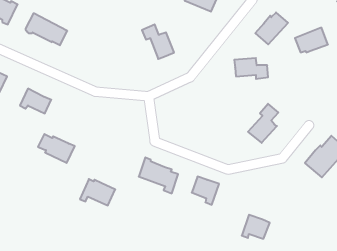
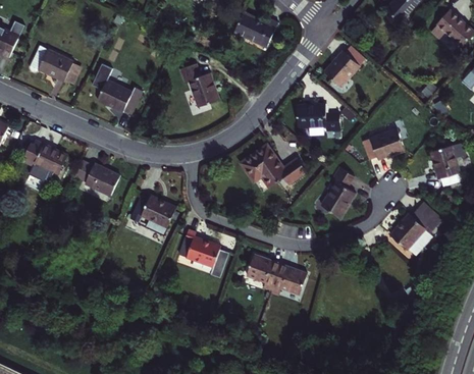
building: none -> [89,64,139,113]
building: [295,28,328,52] -> [363,126,405,158]
building: none -> [240,144,308,190]
building: [38,134,75,163] -> [72,161,119,198]
building: [80,179,115,205] -> [126,199,171,232]
building: [242,215,270,239] -> [269,263,305,293]

